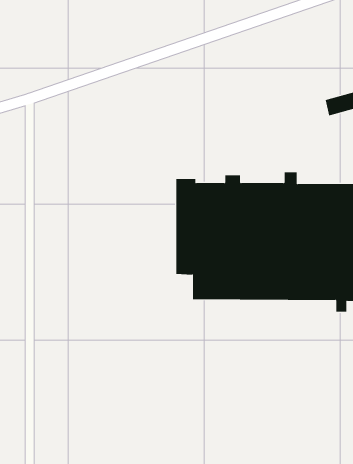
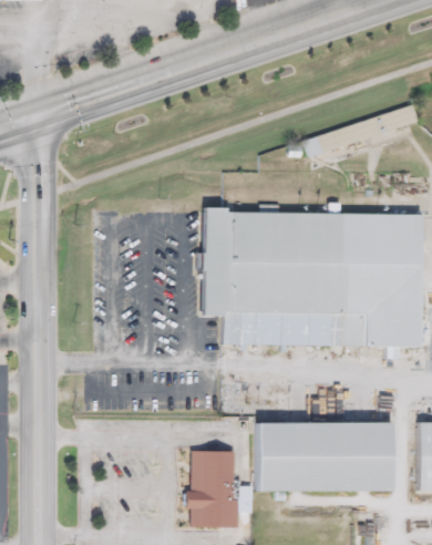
building: none -> [250,424,389,493]
building: none -> [187,449,241,524]

